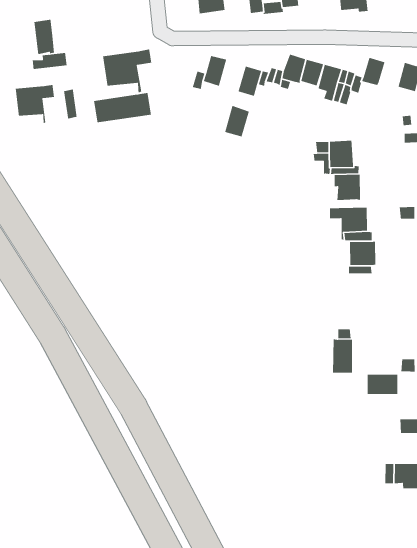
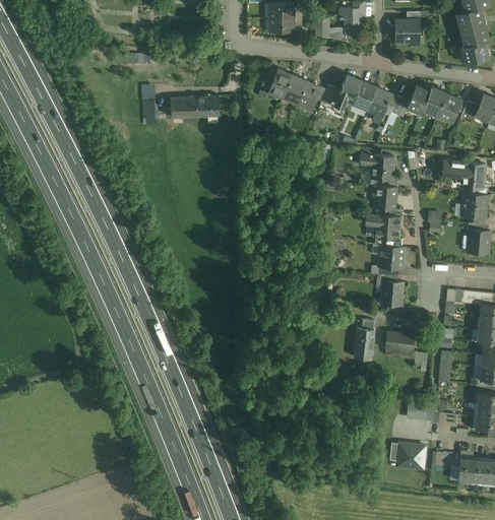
building: [33,19,55,56] -> none
building: [102,49,152,94] -> none
building: none -> [422,86,445,115]
building: [15,84,55,124] -> none
building: [224,105,250,137] -> [282,74,306,104]
building: none -> [380,280,403,306]
building: [367,374,398,395] -> [384,331,414,352]

